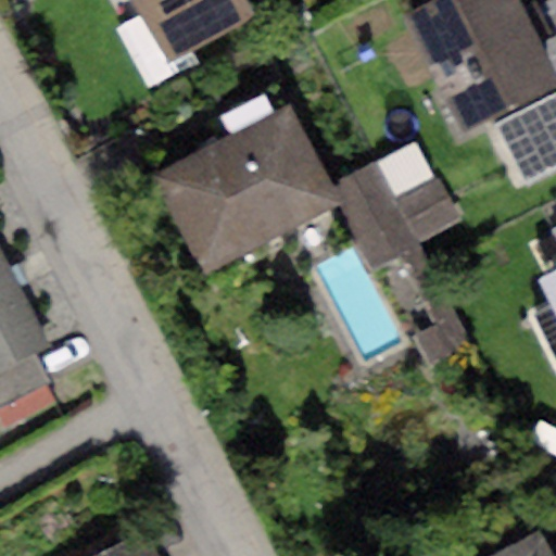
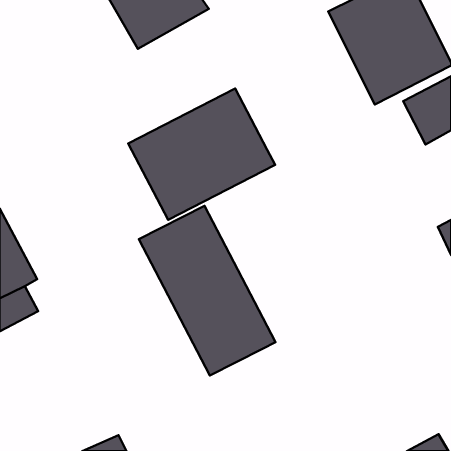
building: [328,159,469,363] -> none
building: none -> [139,206,275,376]

